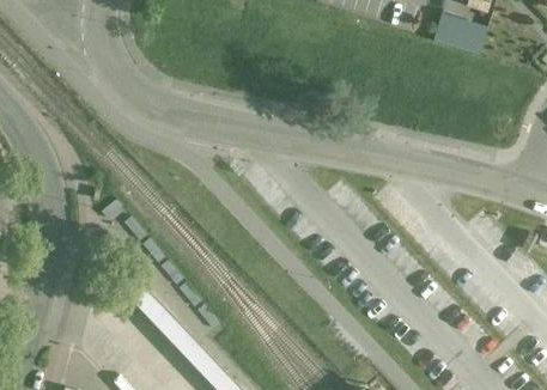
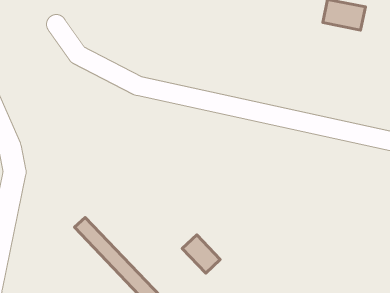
building: none -> [182,235,220,273]

